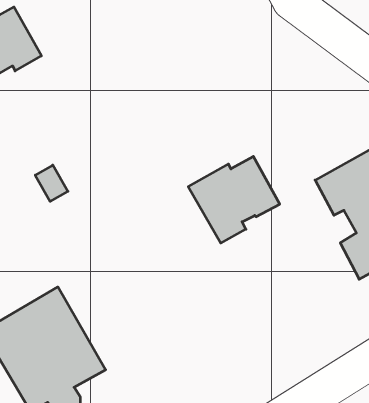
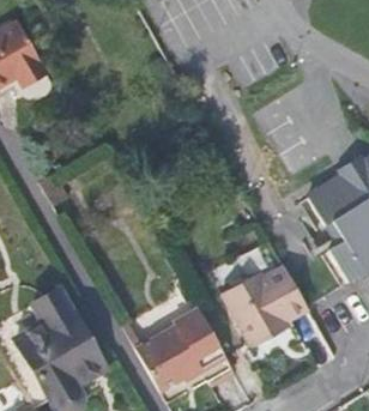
building: [188,156,280,243] -> [220,265,308,347]
building: none -> [135,308,226,392]

